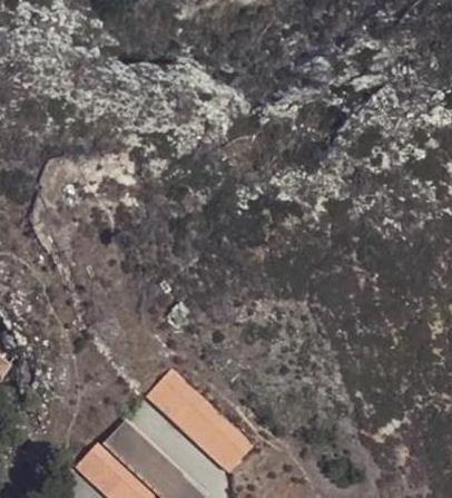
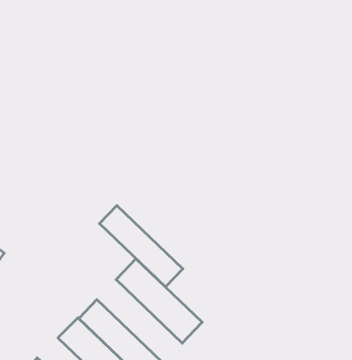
building: none -> [99,205,183,287]

